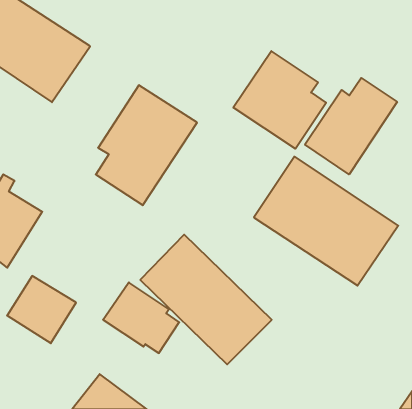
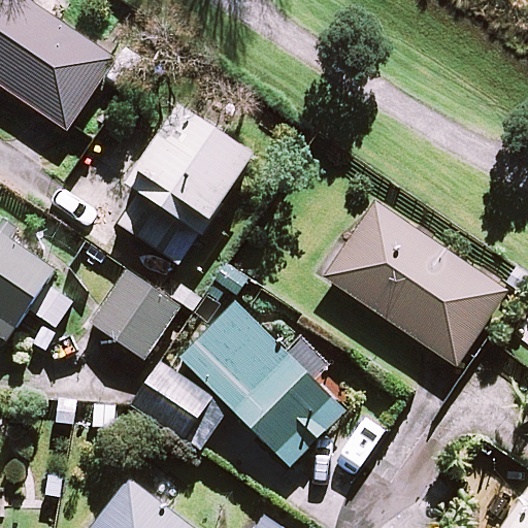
building: [233,51,326,149] -> none
building: [305,78,397,174] -> none
building: [7,276,76,343] -> [94,273,182,359]

